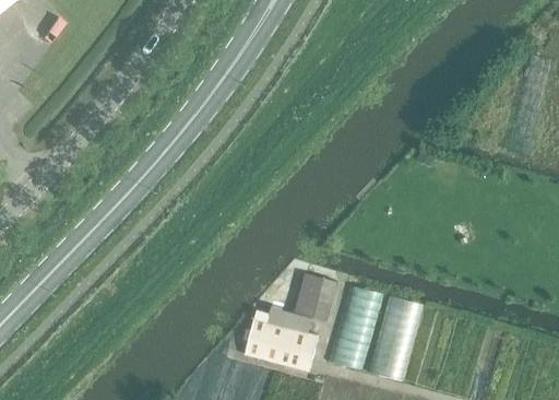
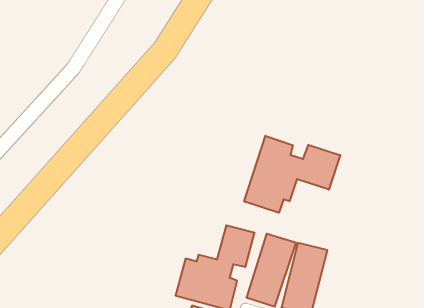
building: none -> [244,136,340,213]

